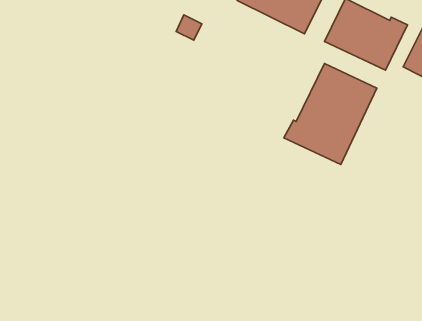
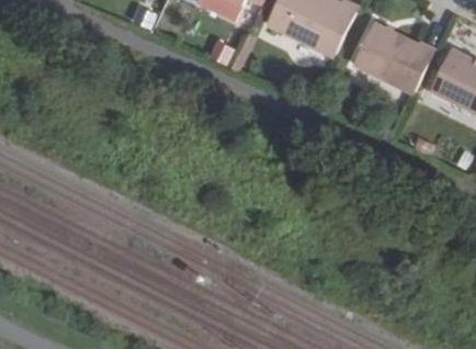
building: [284,64,377,165] -> none

